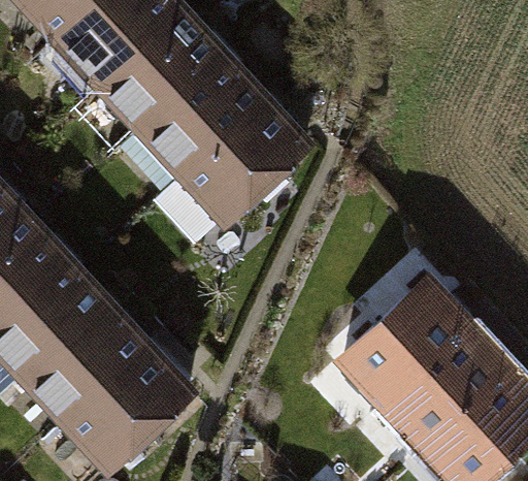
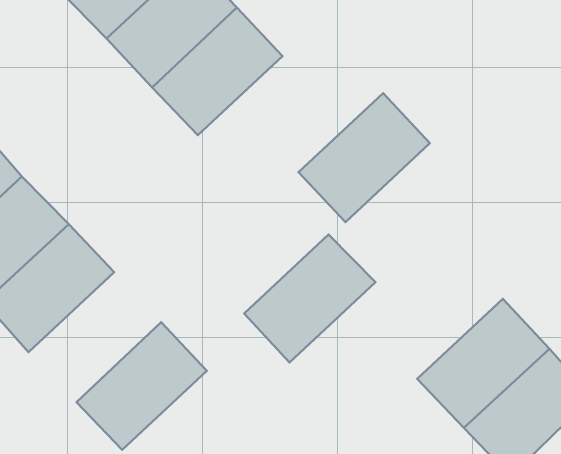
building: [187,102,308,222] -> [299,93,430,222]
building: [348,283,469,402] -> [244,234,375,362]
building: [30,302,153,423] -> none

